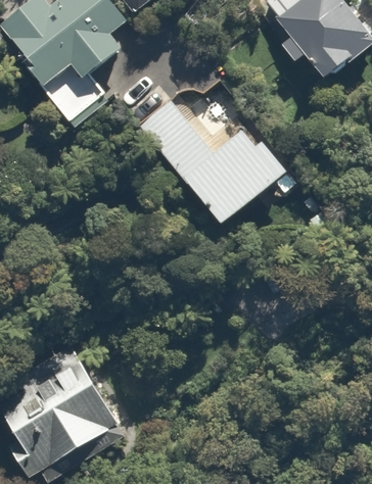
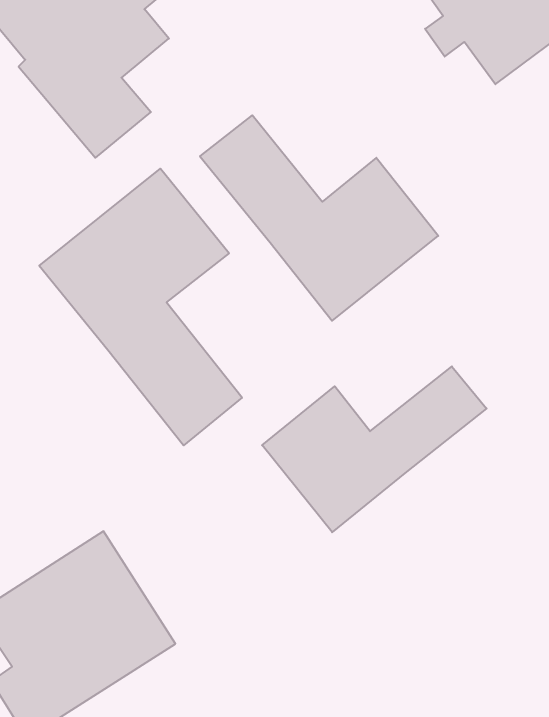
building: none -> [39,169,242,445]
building: none -> [262,366,487,532]

